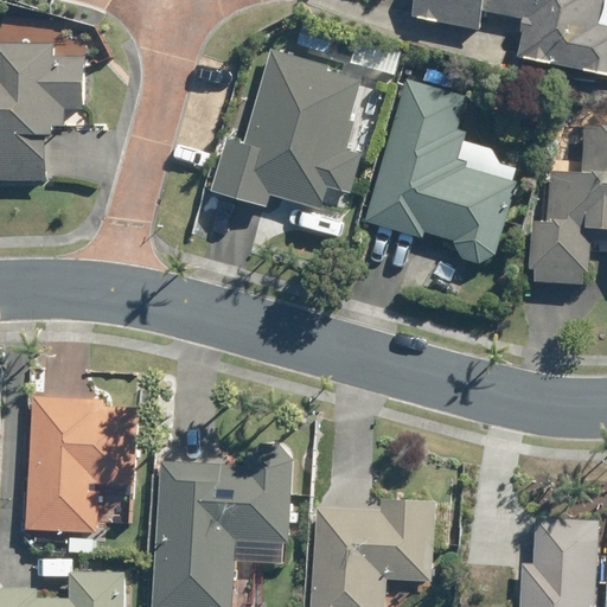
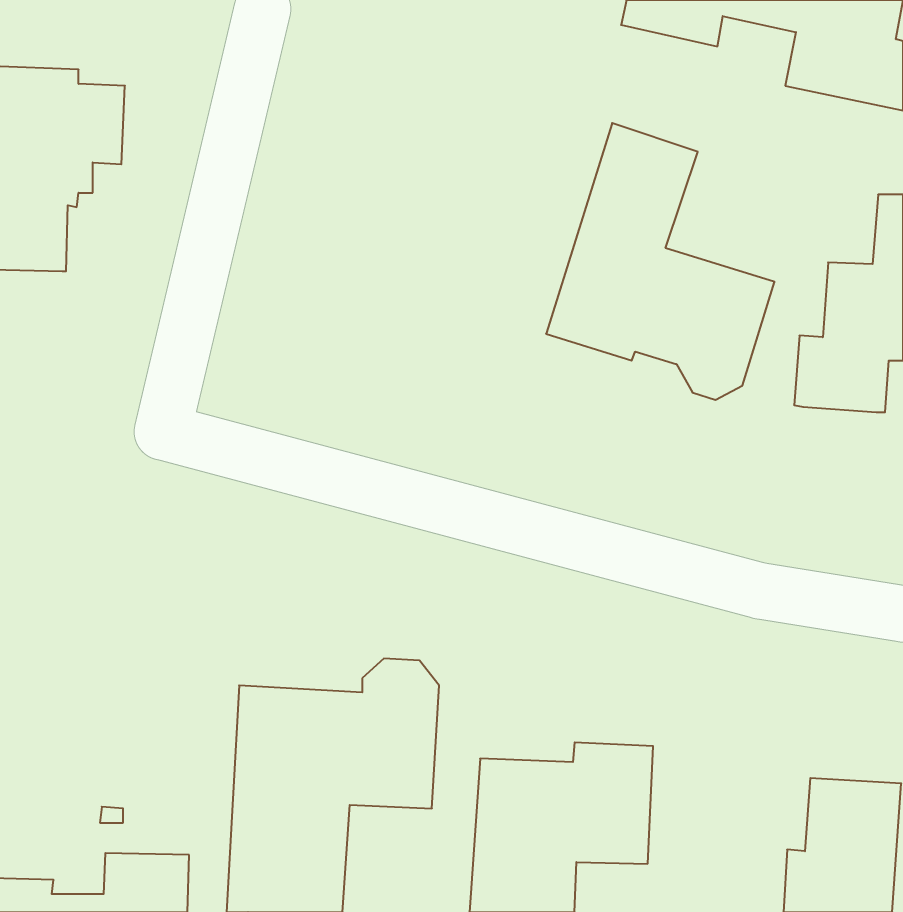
building: [209,55,359,207] -> none
building: [25,396,136,526] -> none

